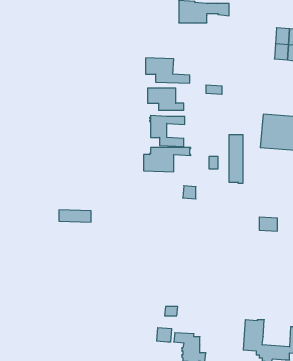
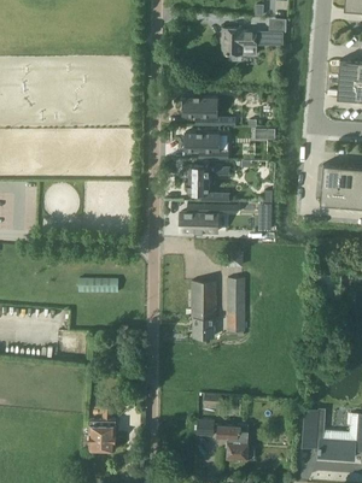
building: [229,135,243,183] -> [228,279,245,337]
building: none -> [192,282,217,338]
building: none -> [91,422,116,452]

